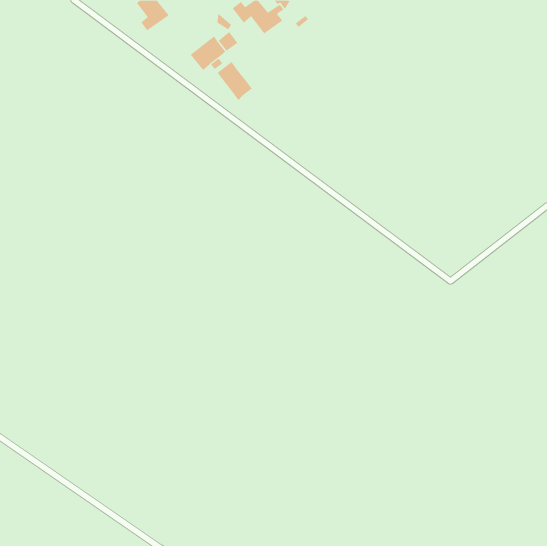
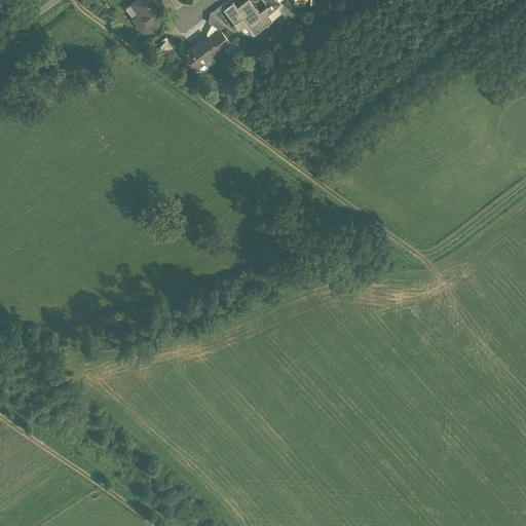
building: [217,61,253,101] -> none

